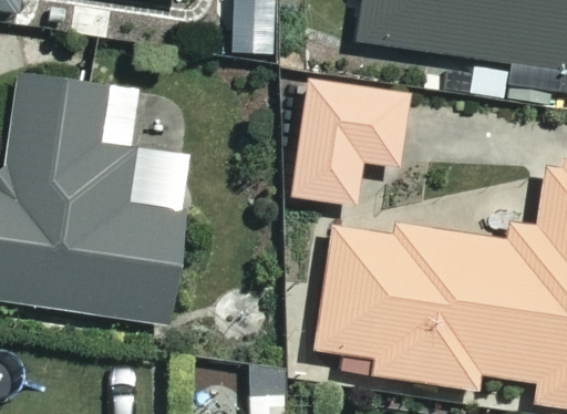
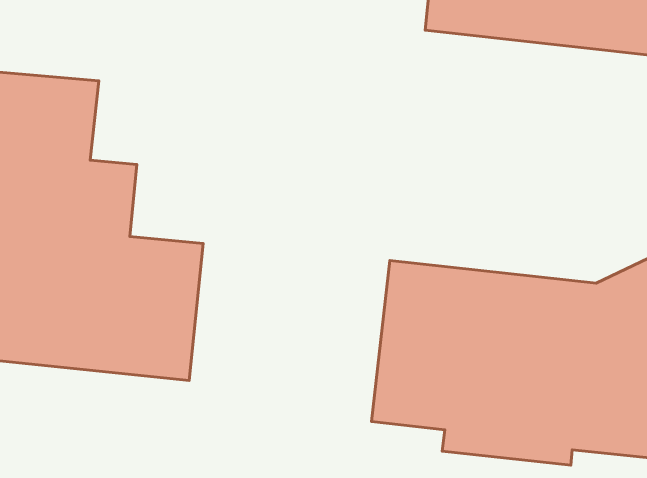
building: [295,84,409,205] -> none

